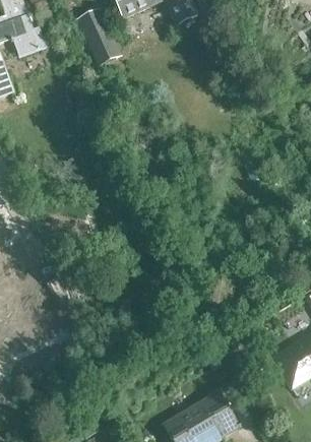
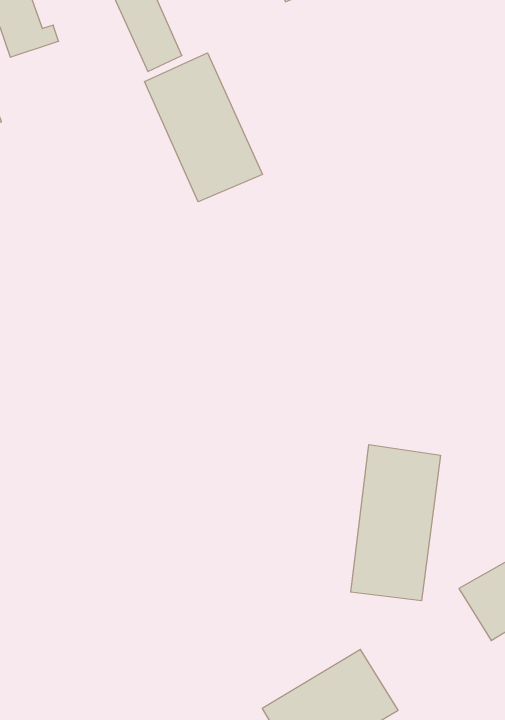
building: none -> [145,53,263,202]
building: none -> [351,445,440,601]

